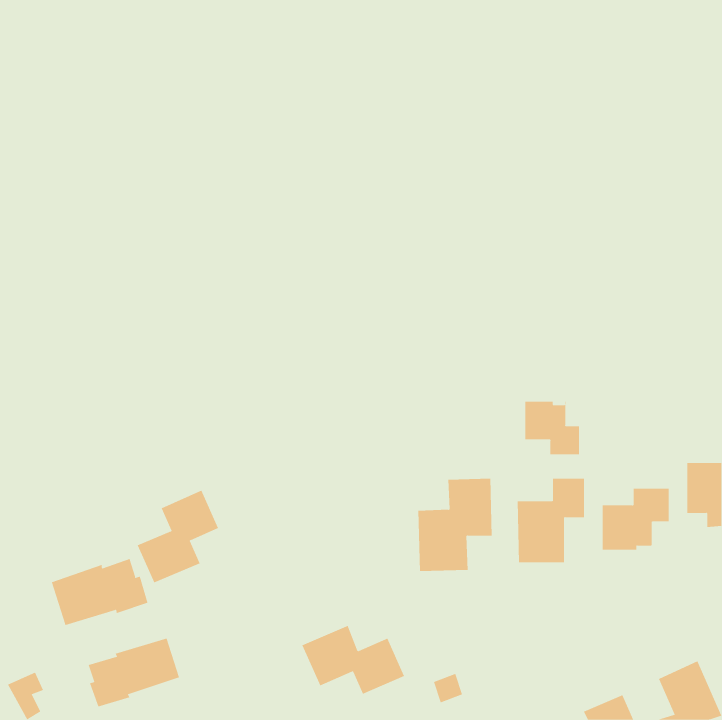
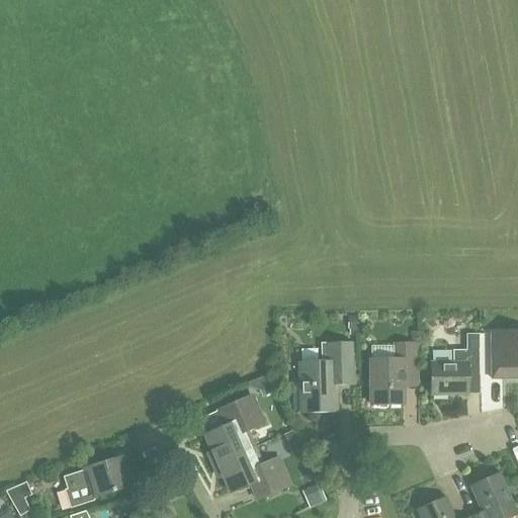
building: [525,401,579,455] -> none
building: [137,490,219,583] -> [203,395,262,461]
building: [51,558,148,626] -> none

